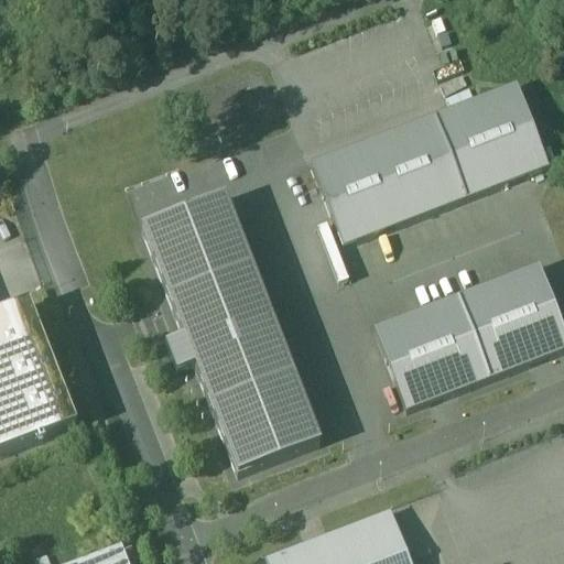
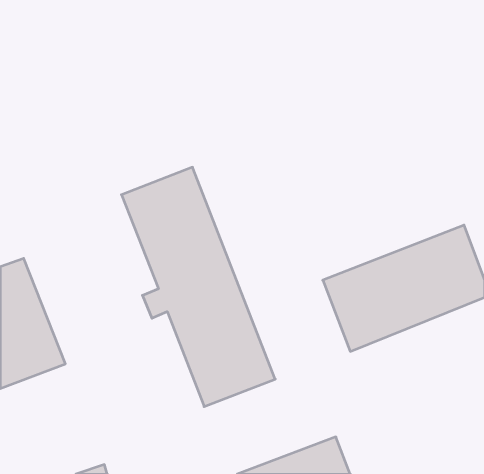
building: [311,82,549,242] -> none

